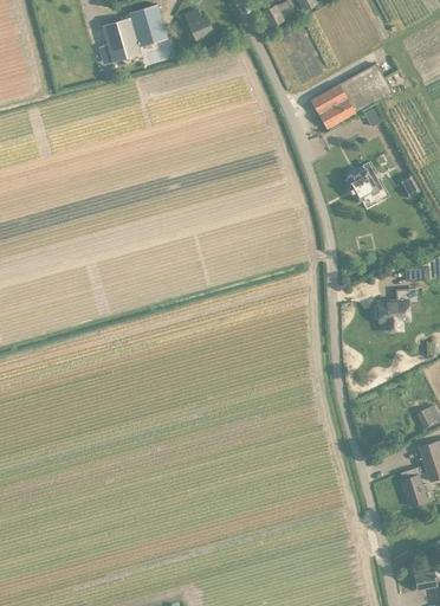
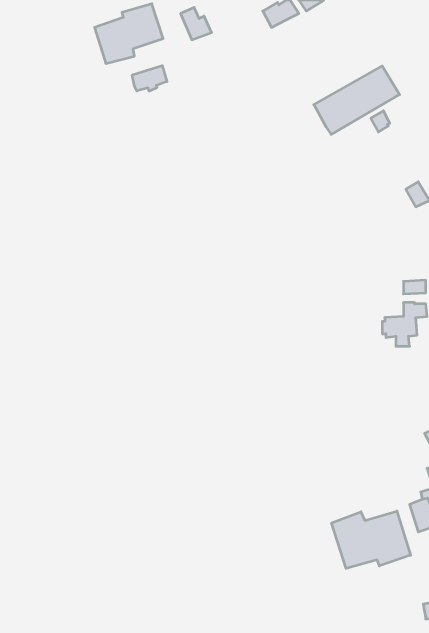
building: none -> [132,66,167,91]
building: [344,168,378,204] -> none
building: none -> [332,511,411,568]

